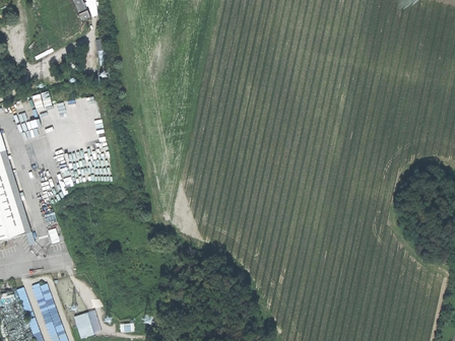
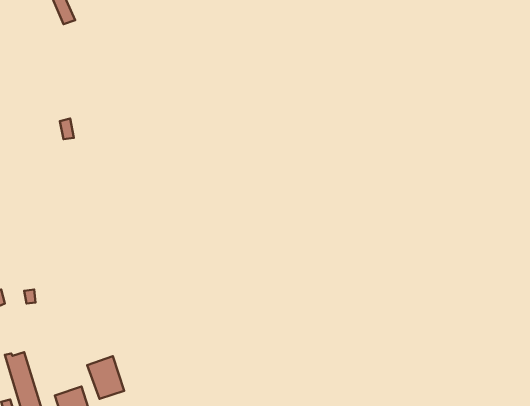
building: none -> [87,356,124,399]

